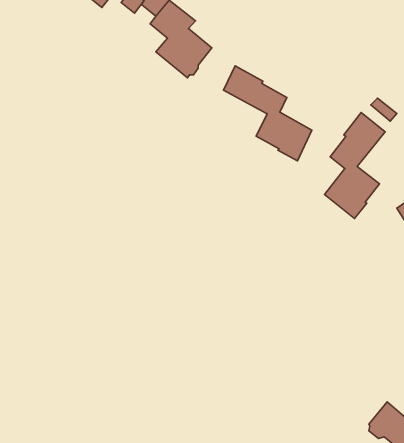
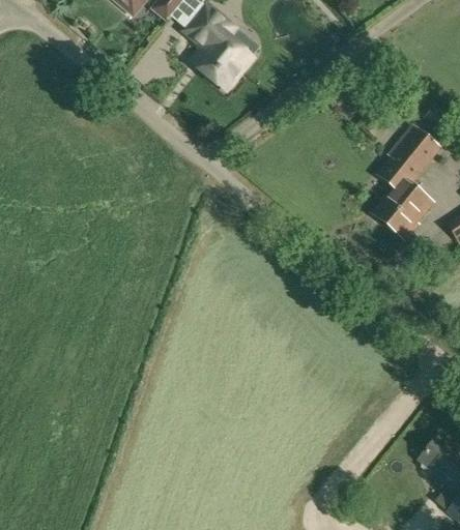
building: [223,66,312,161] -> none

